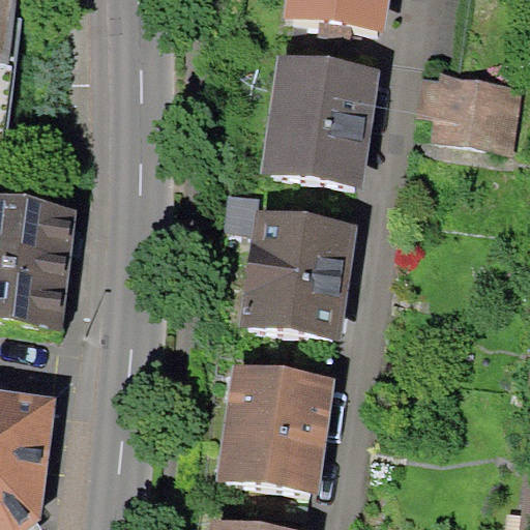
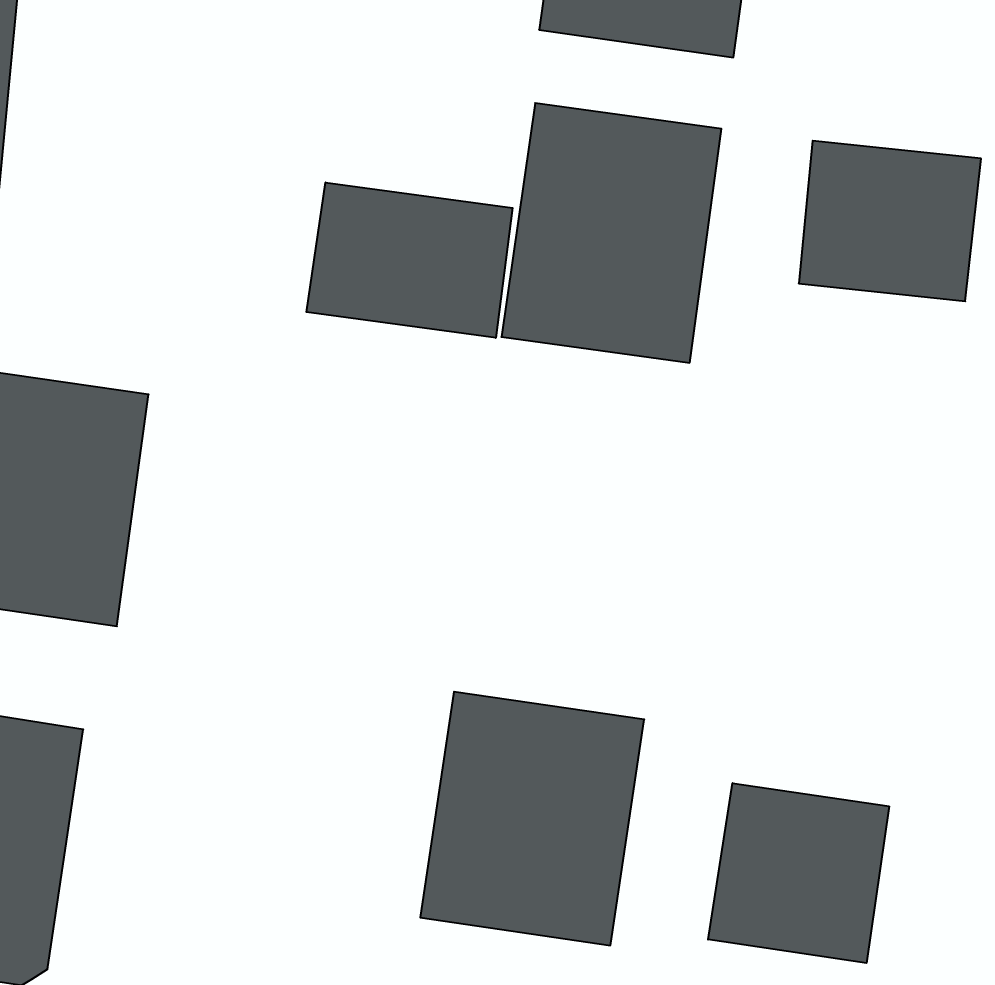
building: none -> [306,182,513,338]
building: [242,208,354,337] -> none
building: none -> [708,783,889,963]

